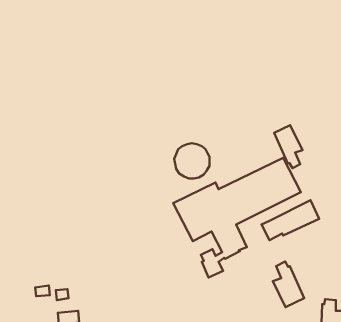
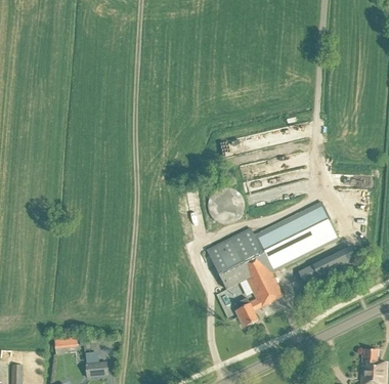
building: [274,125,302,168] -> none
building: [273,262,304,307] -> none

